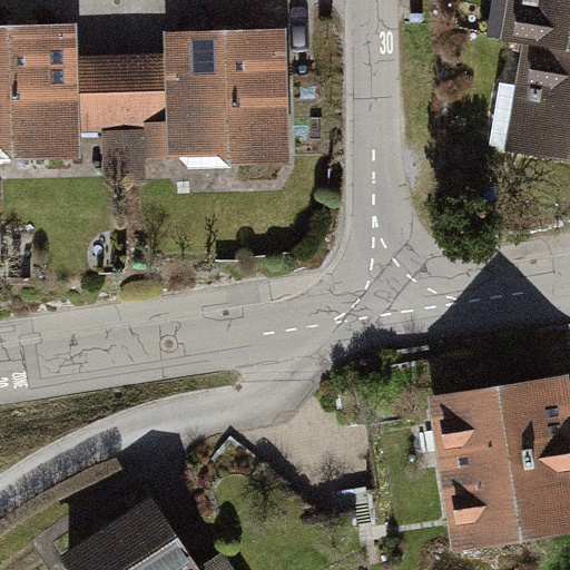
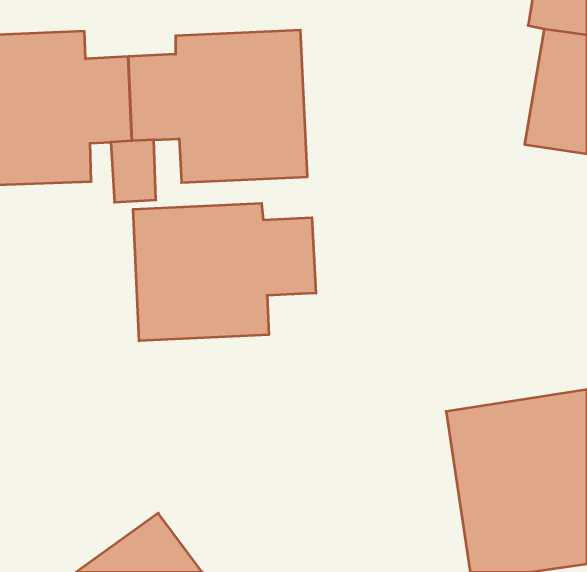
building: none -> [133,203,316,341]

